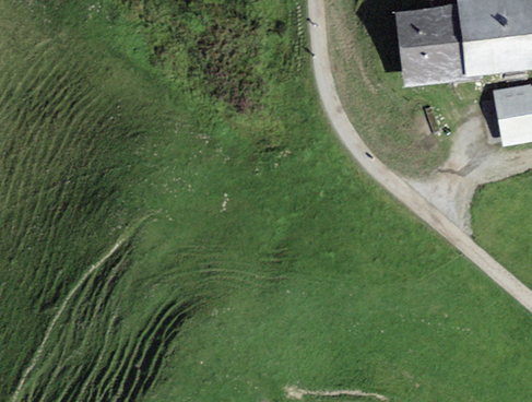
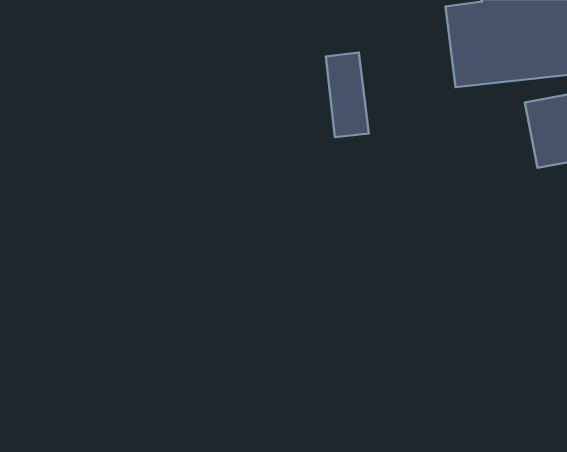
building: [395,10,433,83] -> [326,53,369,137]

